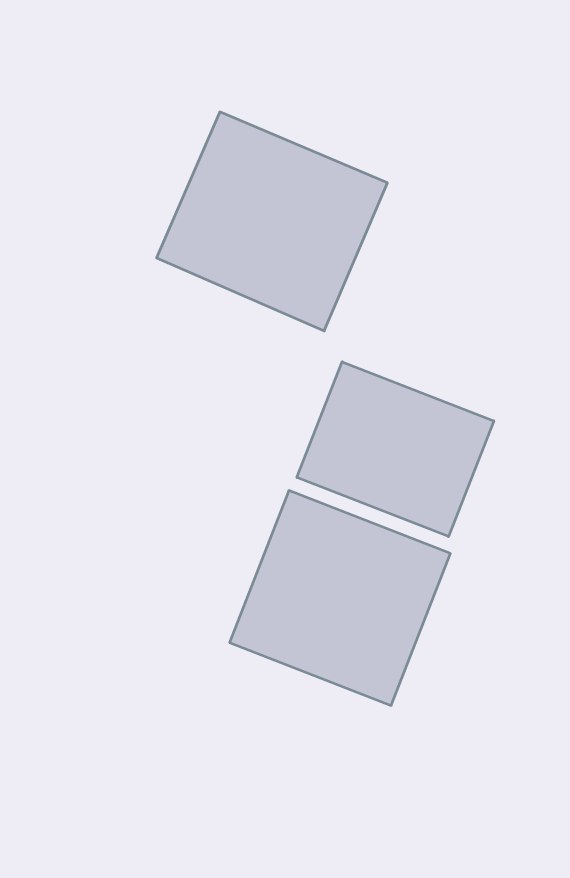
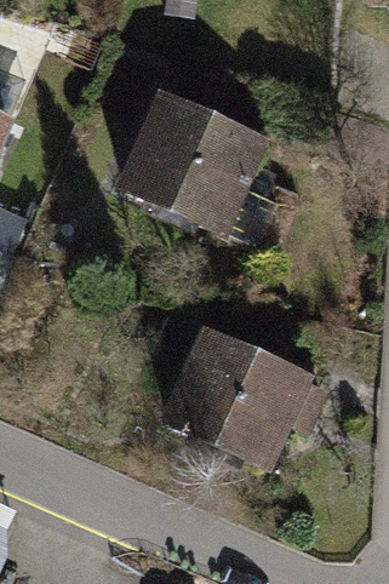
building: [297,362,494,537] -> none

